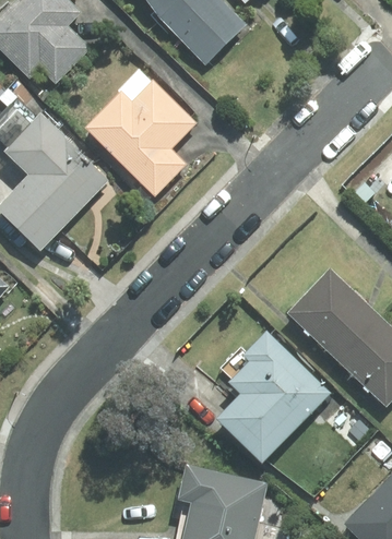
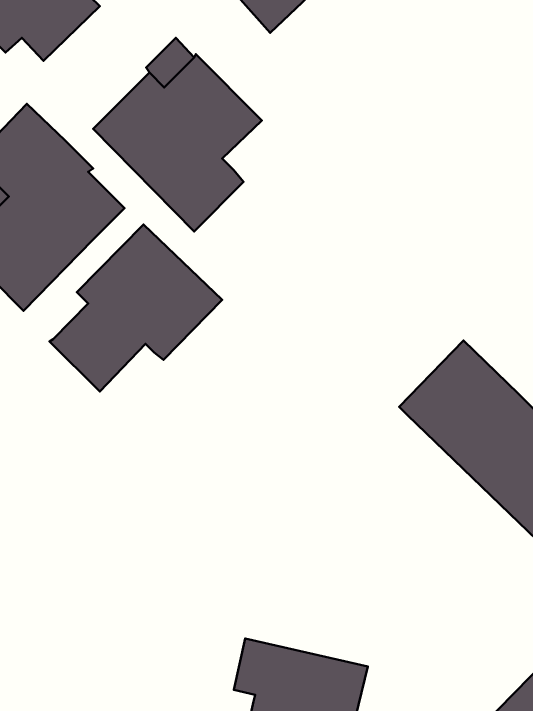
building: none -> [49,224,222,391]
building: [216,331,331,463] -> none

